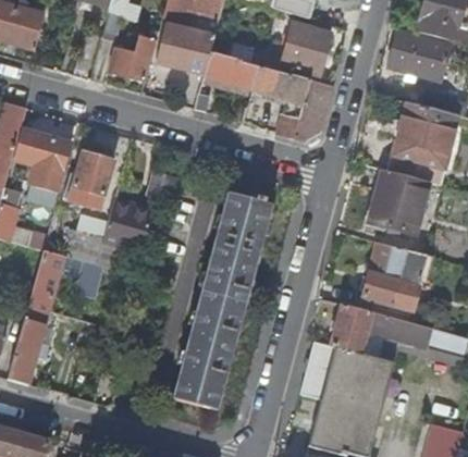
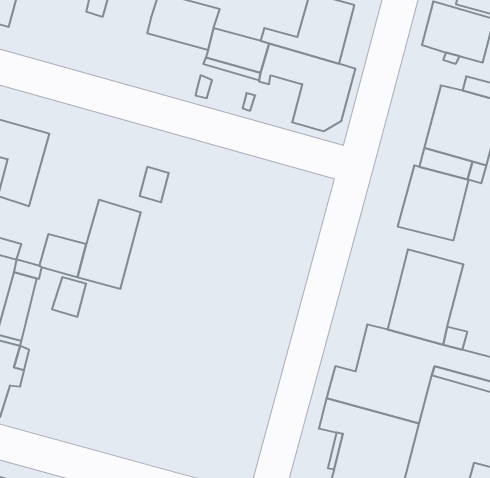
building: [110,35,158,81] -> none
building: [72,149,112,193] -> none
building: [173,192,272,408] -> none

